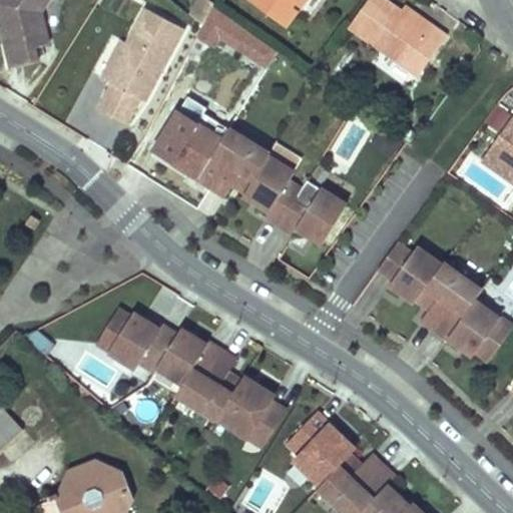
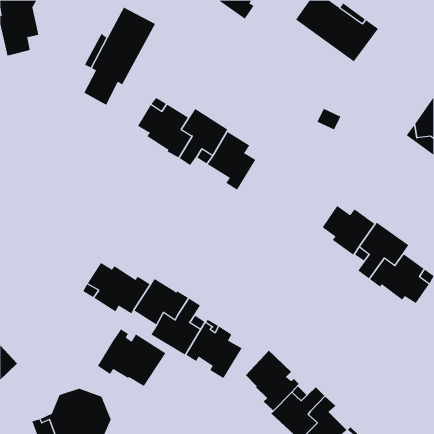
building: [198,5,280,71] -> none
building: [280,188,347,243] -> none
building: none -> [97,329,166,387]

